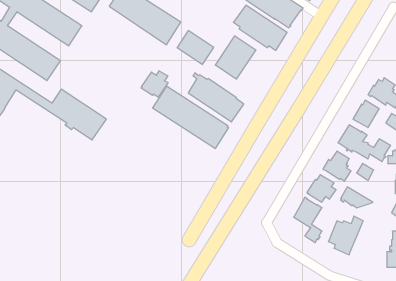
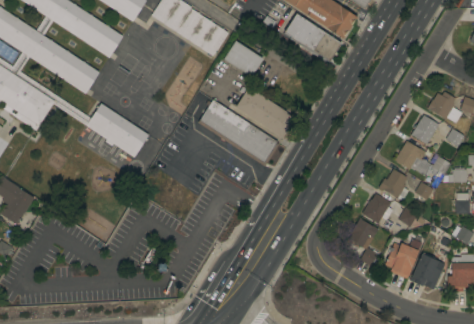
building: [215,36,256,79] -> none
building: [141,71,168,97] -> none
building: none -> [410,254,442,290]

